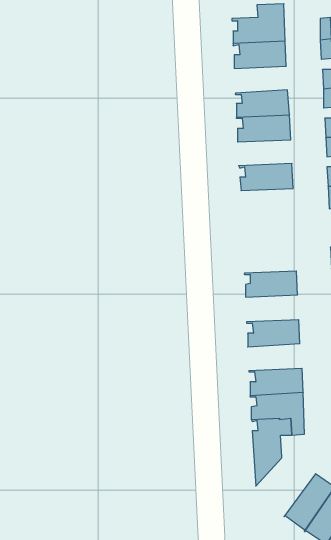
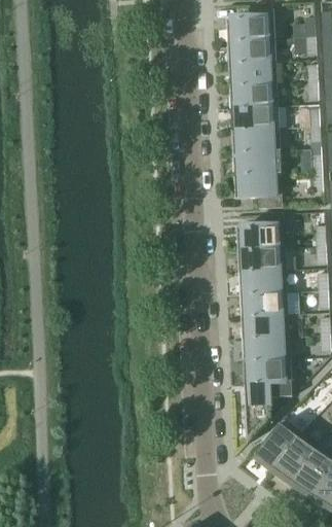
building: none -> [228,63,276,87]
building: none -> [231,130,281,153]
building: none -> [234,174,283,209]
building: none -> [236,214,285,251]
building: none -> [238,271,287,295]
building: none -> [241,315,290,340]
building: none -> [255,419,302,472]

